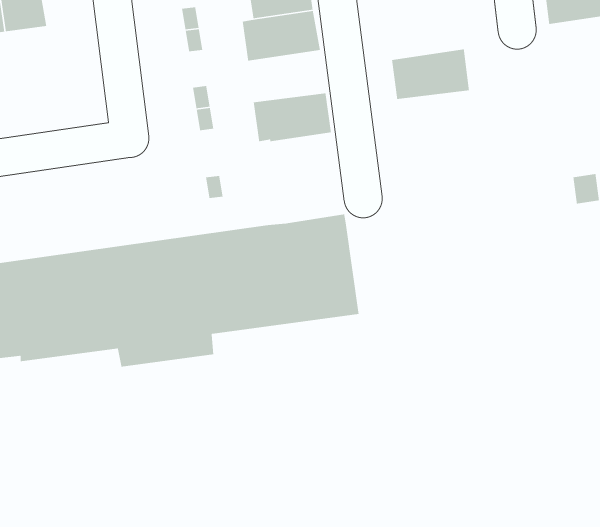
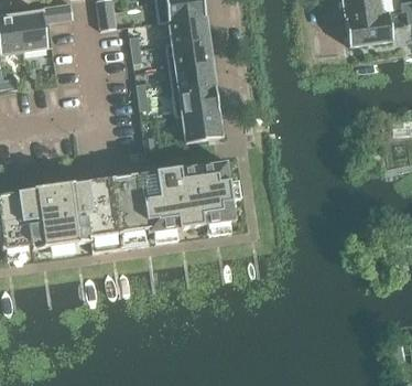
building: [391,49,470,100] -> [169,62,216,93]
building: none -> [182,111,223,142]

